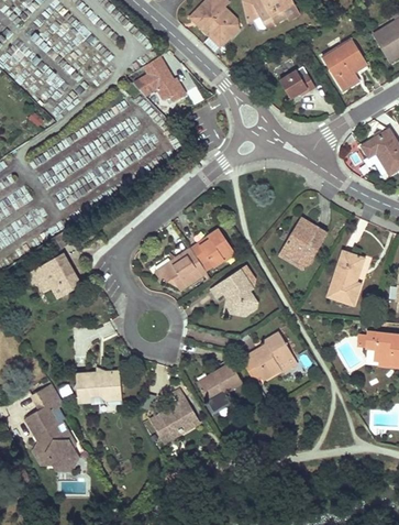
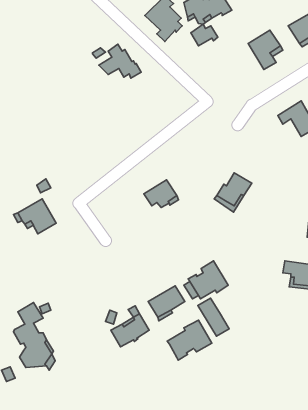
building: [279,70,313,98] -> [191,24,218,46]
building: [154,247,206,288] -> none
building: [329,251,364,304] -> none
building: [210,267,257,317] -> none
building: [75,372,120,403] -> none
building: none -> [198,298,229,336]
building: none -> [167,320,212,360]

